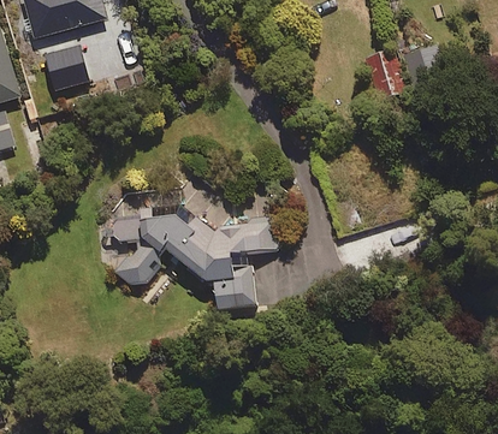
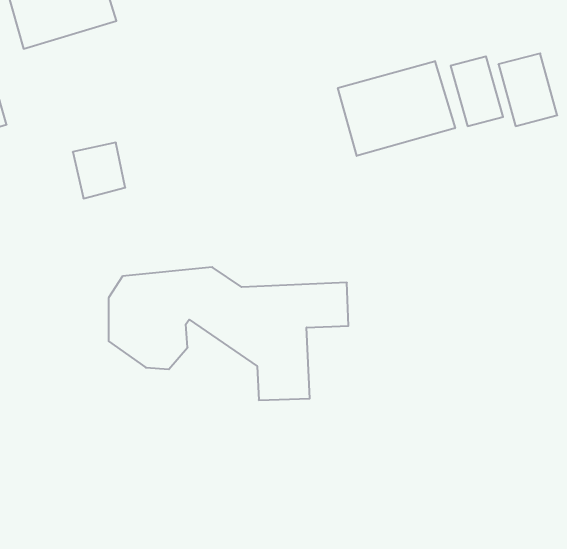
building: [46,46,87,89] -> [73,143,125,198]
building: none -> [338,61,455,156]

